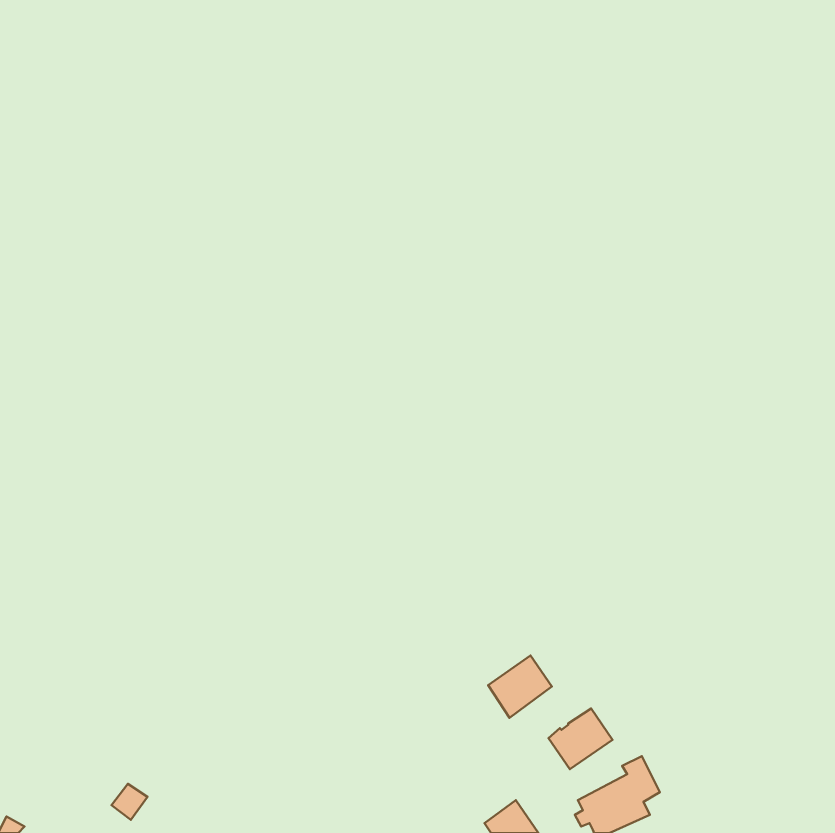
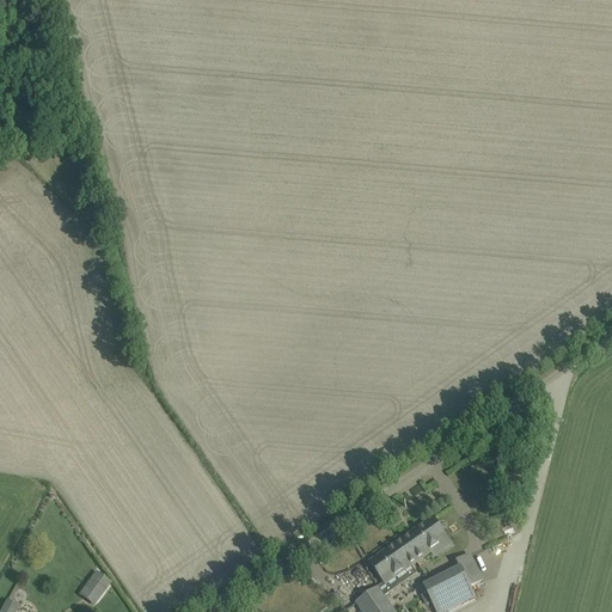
building: [488,656,552,718] -> [369,539,416,585]

